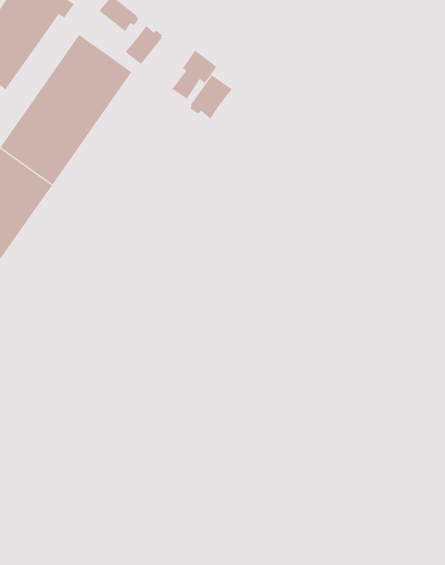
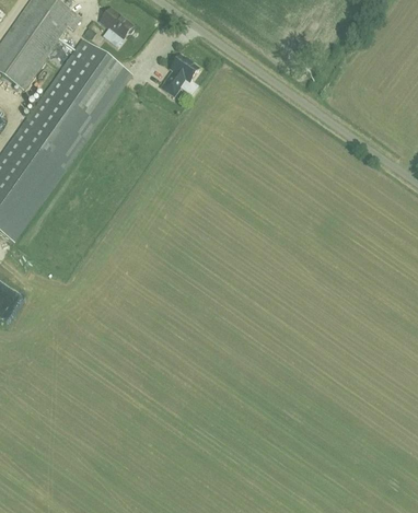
building: [125,26,163,65] -> none
building: [190,75,232,119] -> none

